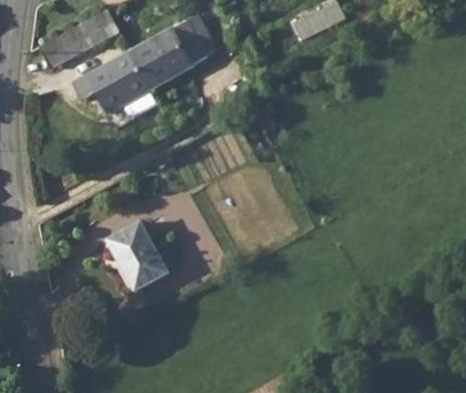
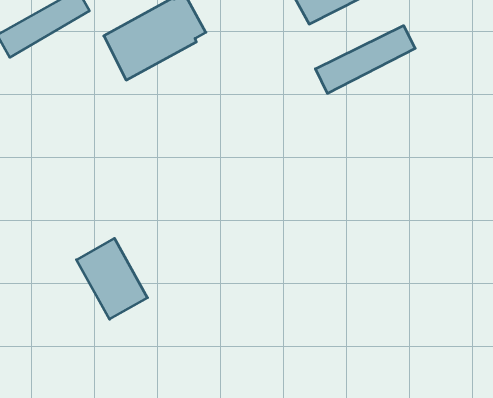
building: none -> [315,26,415,93]
building: [70,51,148,113] -> none

